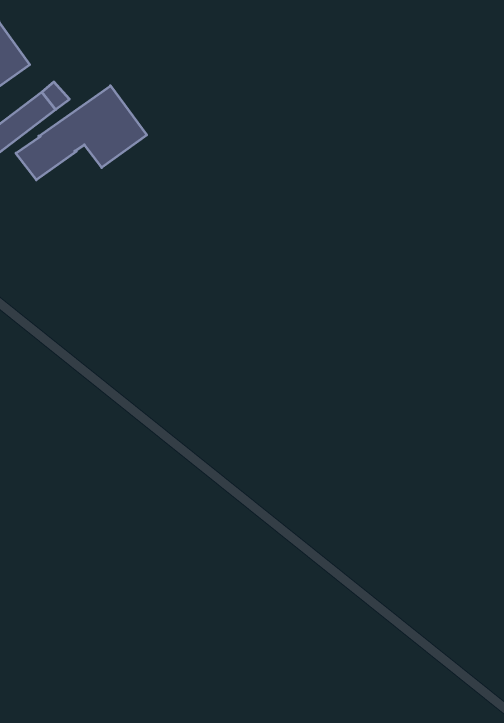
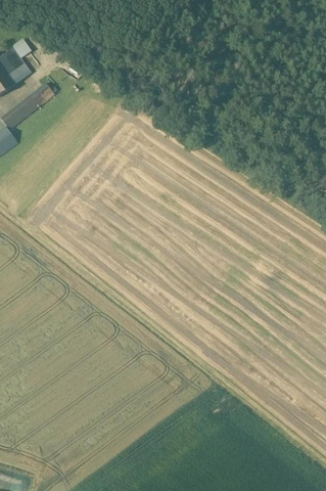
building: [16,86,147,180] -> none

